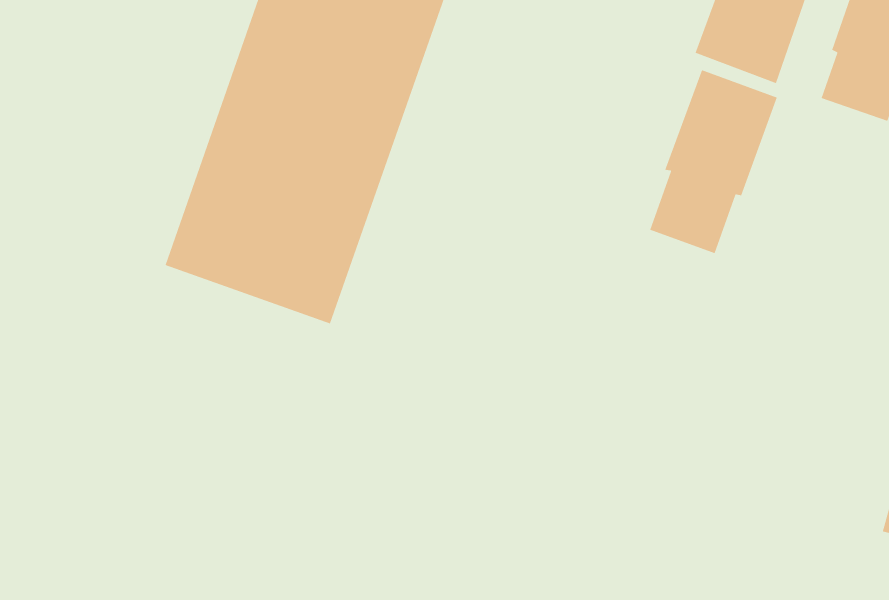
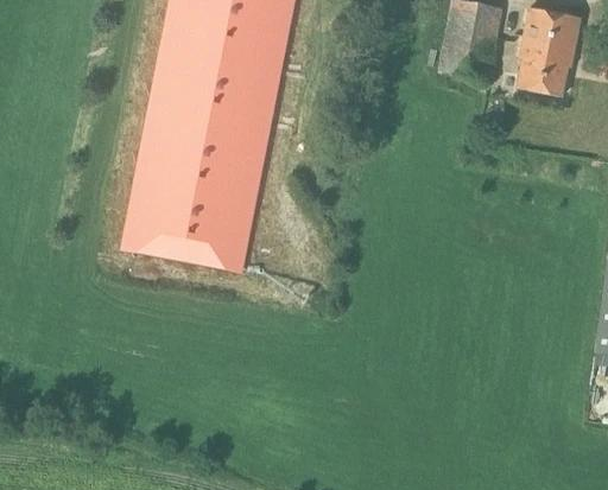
building: [649,69,778,254] -> none

